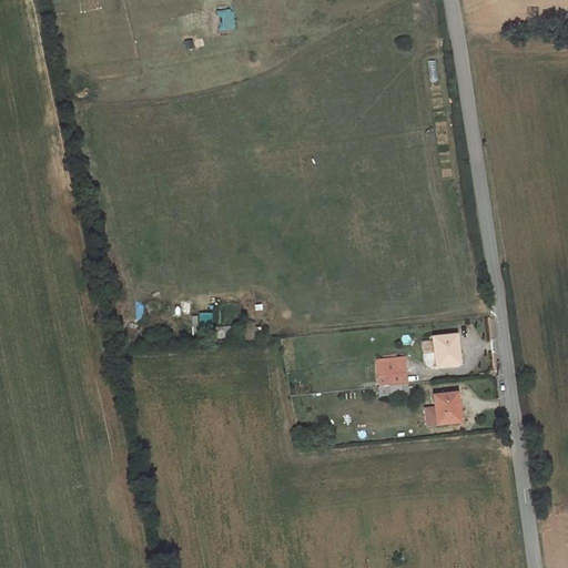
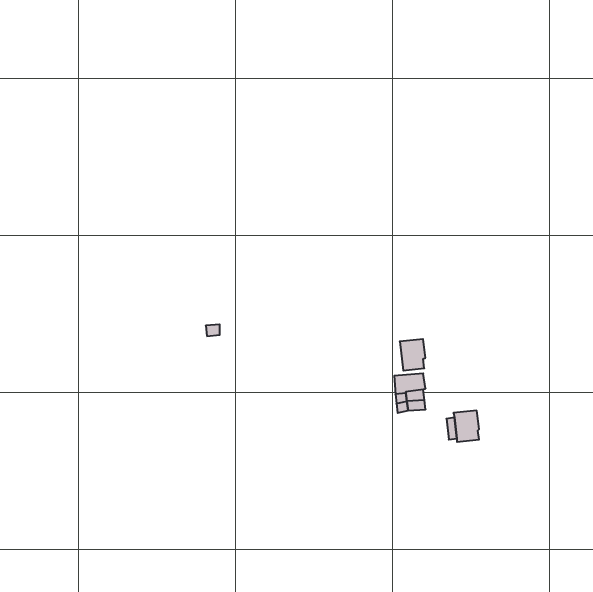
building: [434,334,458,364] -> [400,339,425,371]

